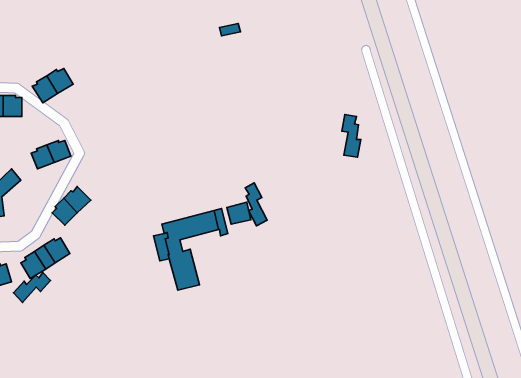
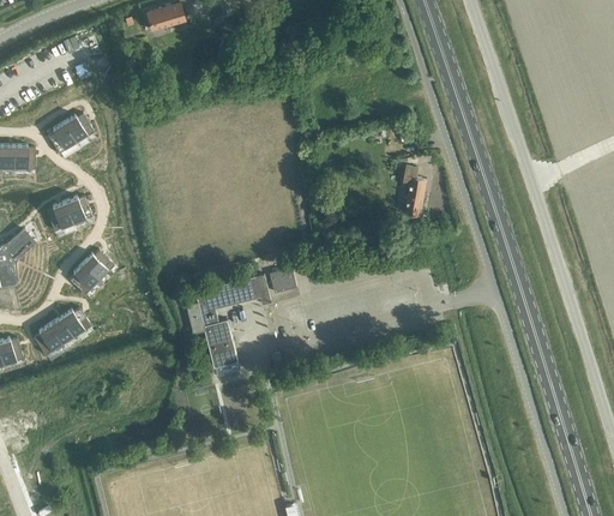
building: [245,183,267,226] -> none
building: [13,273,51,302] -> none

